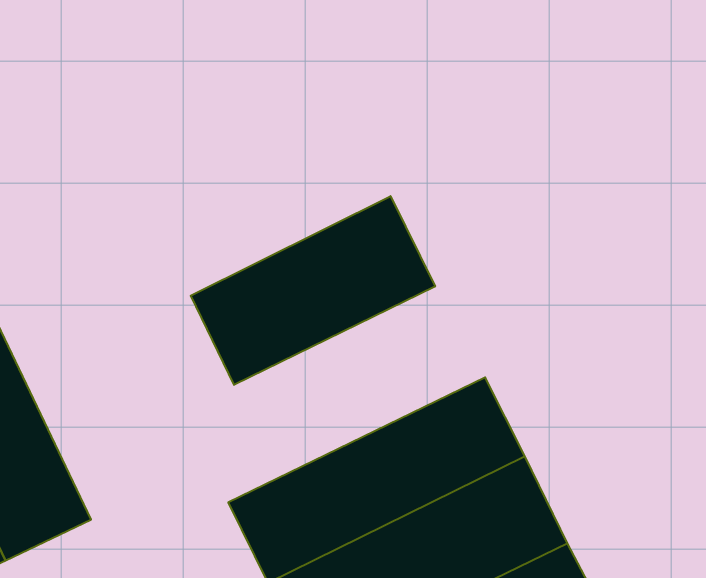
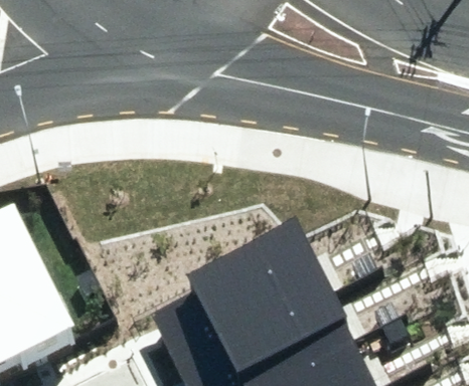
building: [191,196,435,385] -> none

